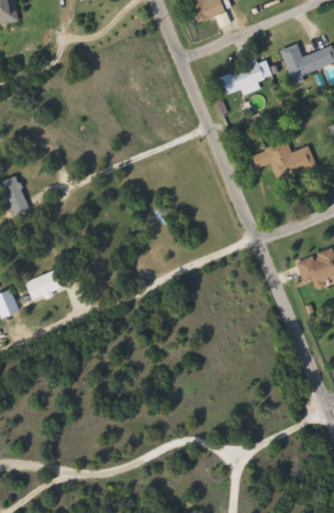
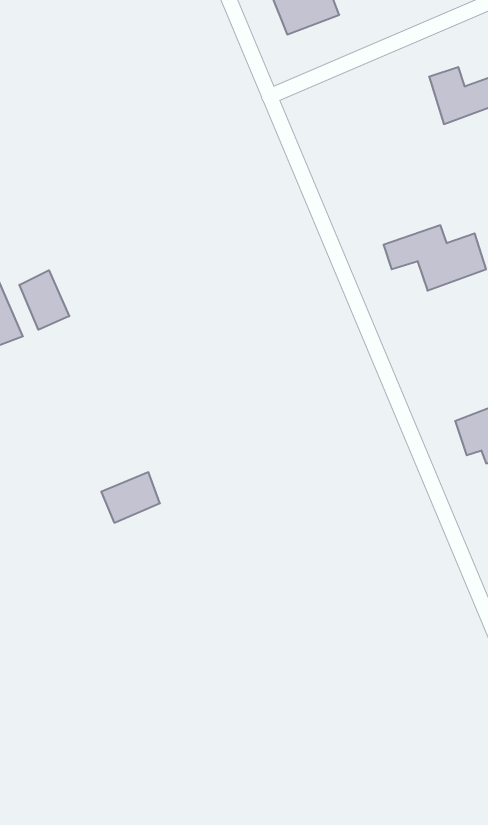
building: [216,61,268,100] -> none
building: none -> [19,270,69,330]
building: [26,270,62,301] -> [101,472,160,523]

